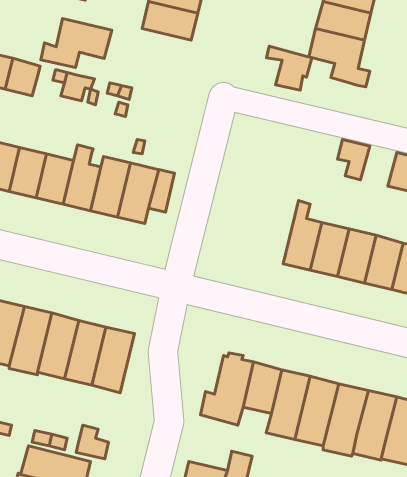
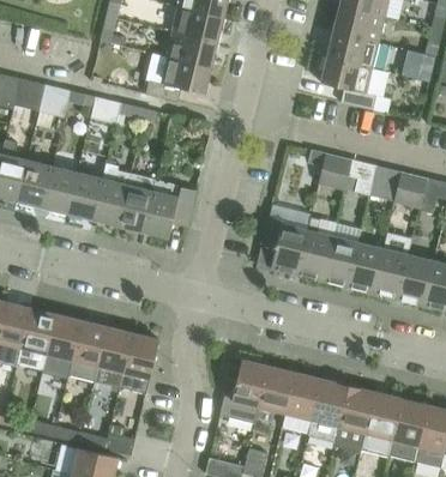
building: [41,18,112,68] -> [145,56,211,102]
building: [266,46,312,90] -> [309,149,351,189]
building: none -> [368,165,402,203]
building: none -> [261,216,307,274]

